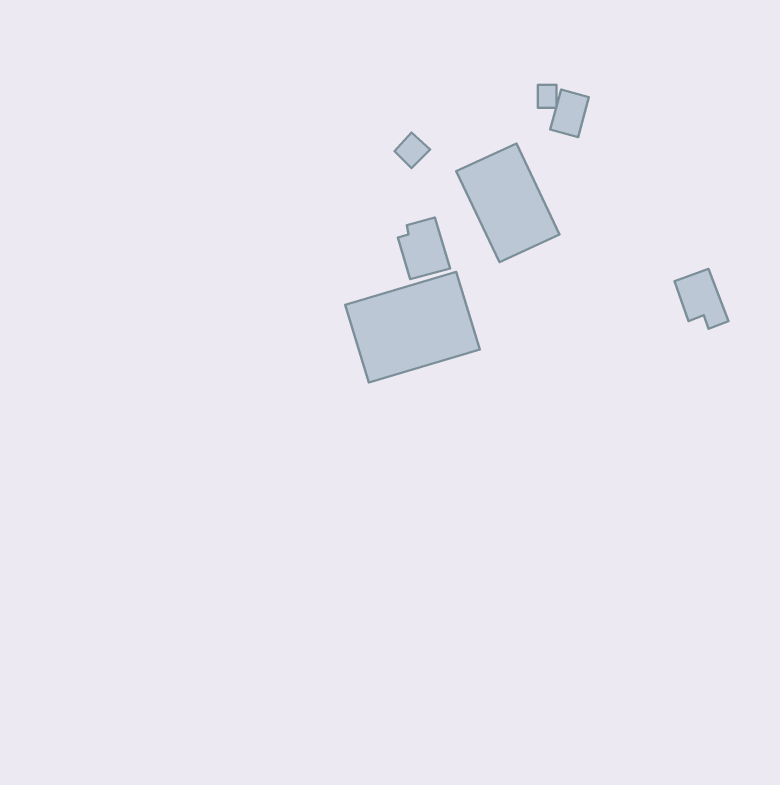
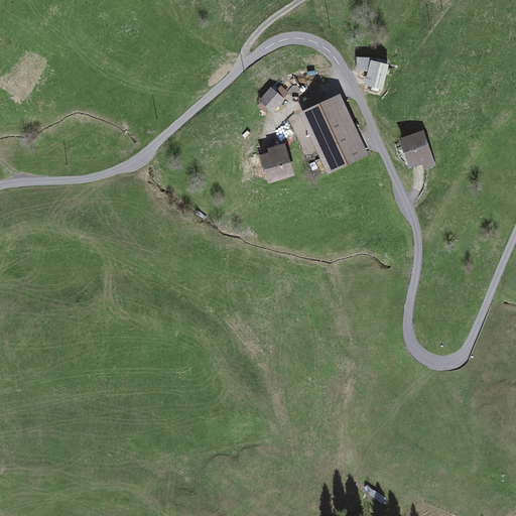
building: [675,269,729,329] -> [401,130,436,169]
building: [345,272,480,382] -> none

